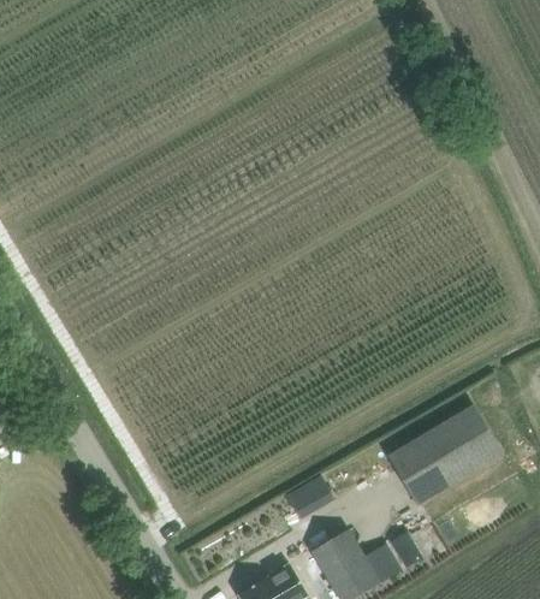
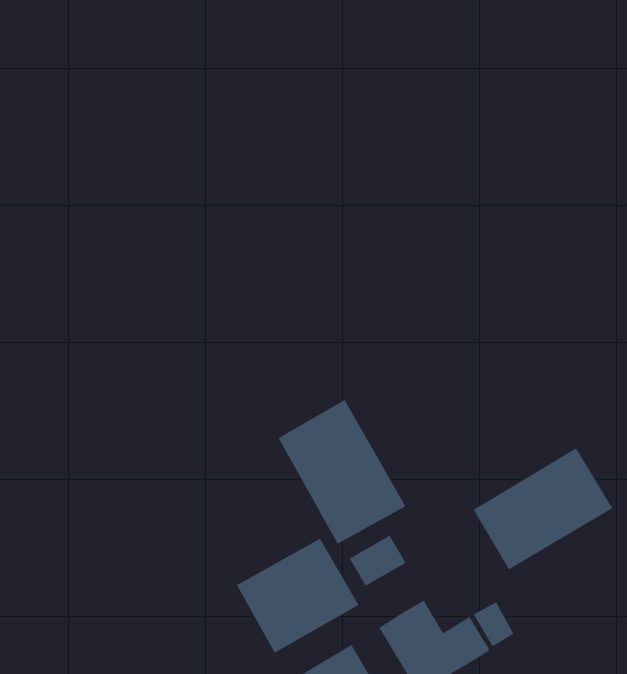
building: none -> [278,399,406,544]
building: none -> [236,538,359,653]

